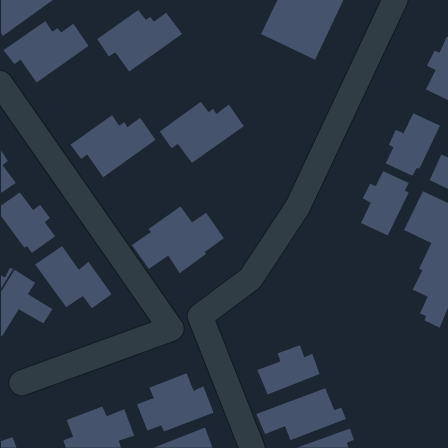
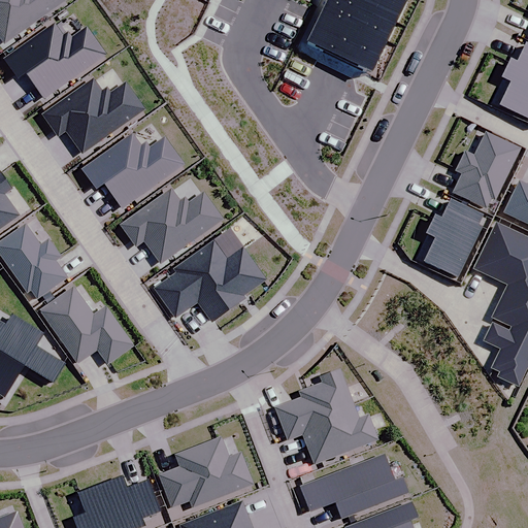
building: [96,9,183,73] -> [43,79,145,154]
building: [159,101,245,164] -> [122,189,223,263]
building: none -> [275,369,354,439]

